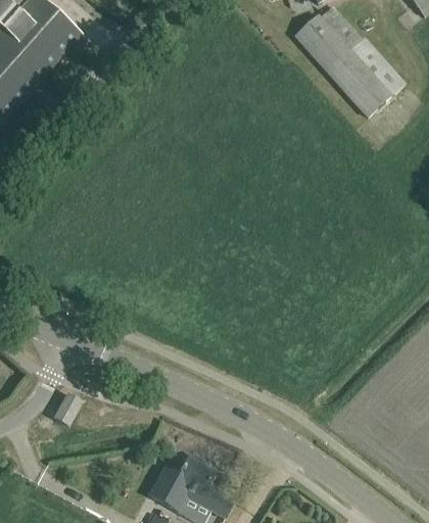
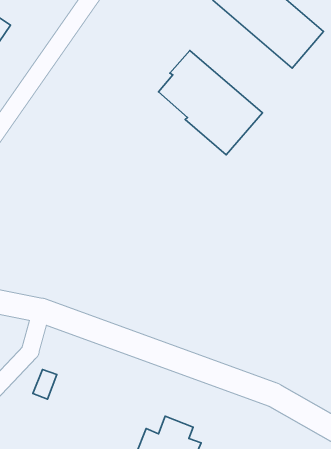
building: none -> [158,50,262,155]

